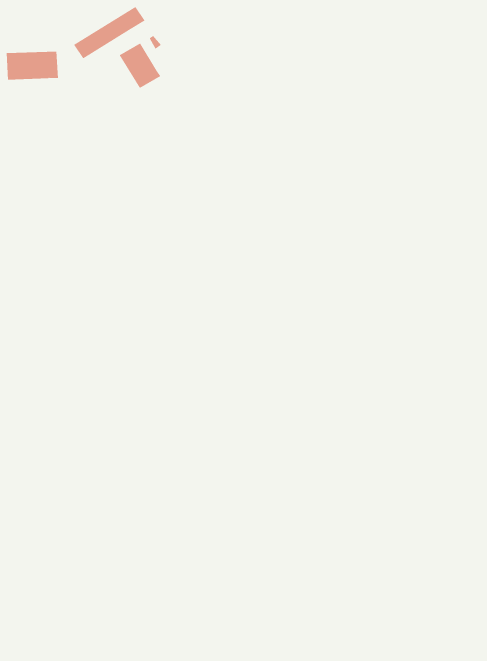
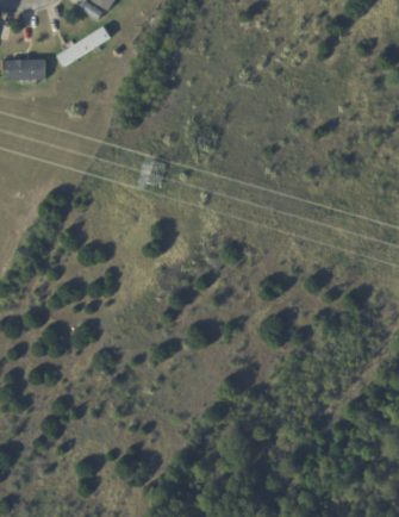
building: [119,43,161,89] -> none

